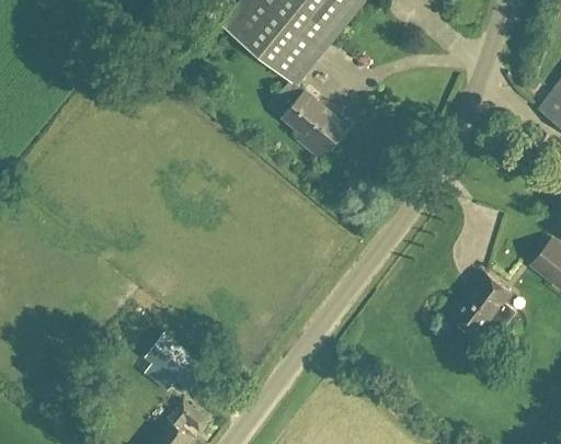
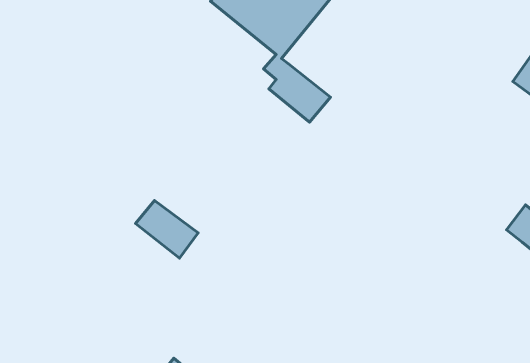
building: [453,273,512,335] -> none
building: [144,334,209,395] -> [136,201,198,258]

